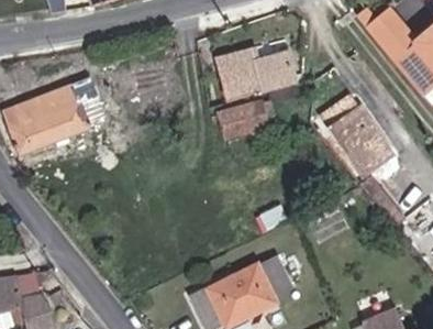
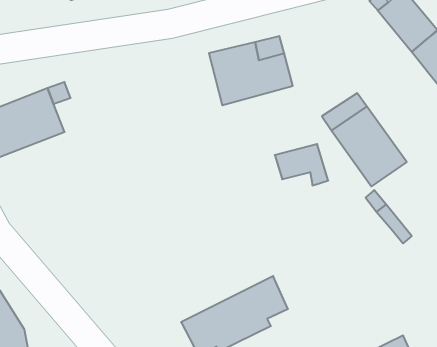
building: [219,103,267,141] -> [275,144,328,185]

